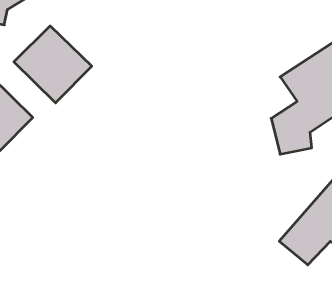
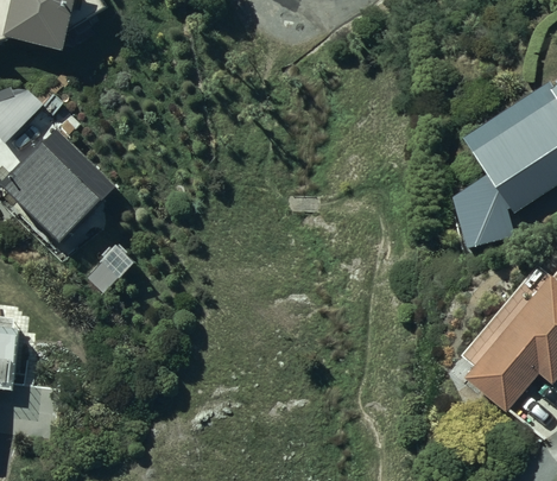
building: [14,26,92,103] -> none

